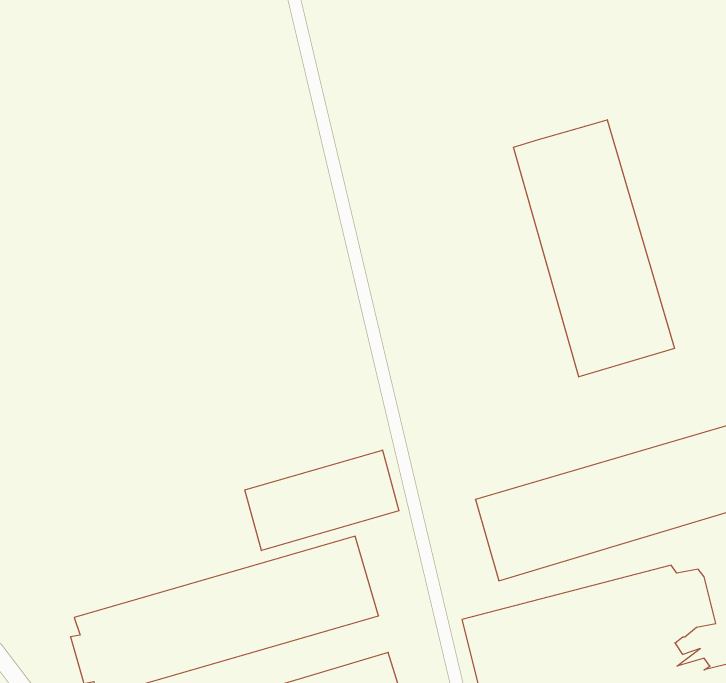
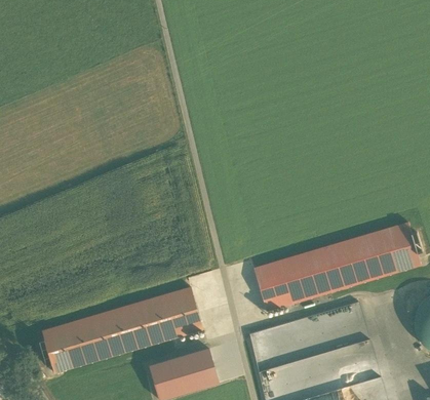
building: [514,120,674,377] -> none
building: [245,450,399,551] -> none

